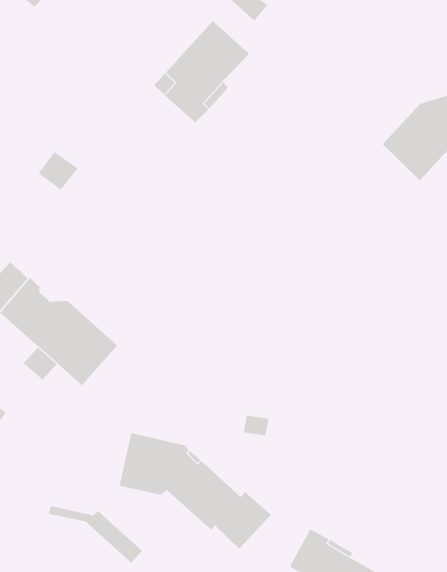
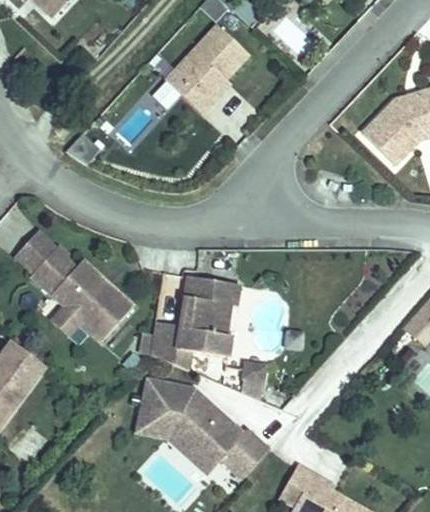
building: none -> [149,276,239,369]
building: [48,506,143,564] -> [134,426,216,476]

